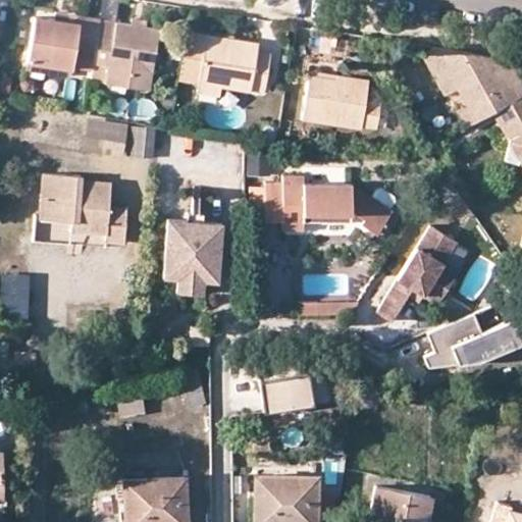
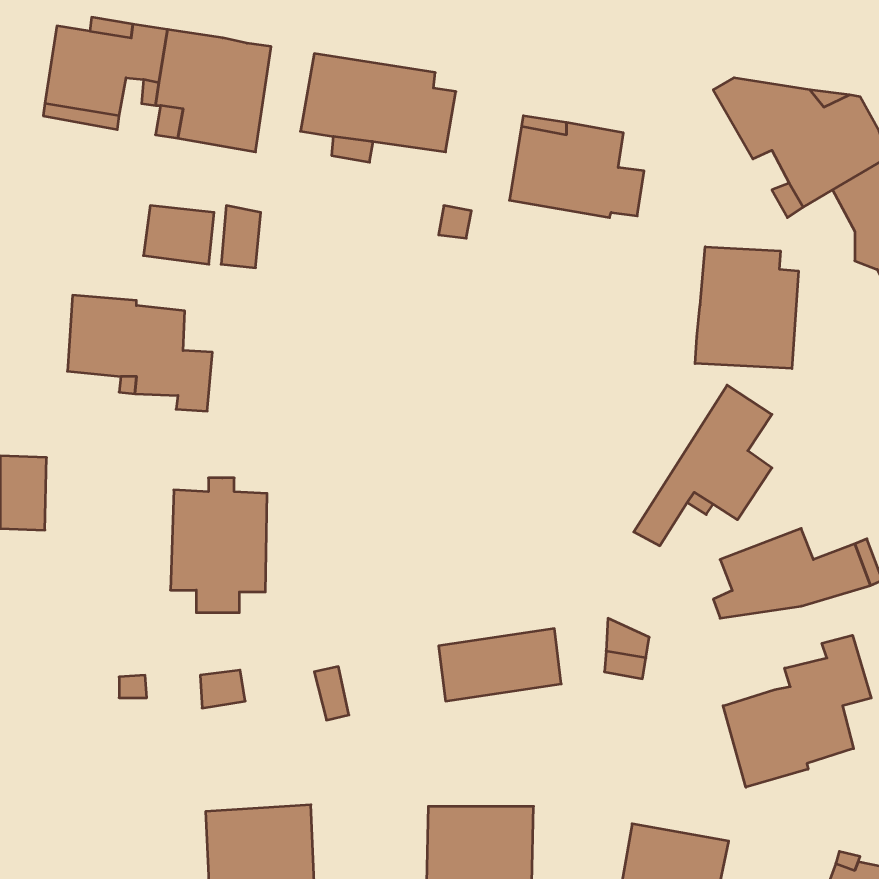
building: none -> [695,247,798,369]
building: [265,173,394,234] -> none
building: [166,218,223,298] -> [170,478,267,613]
building: none -> [723,635,871,787]

